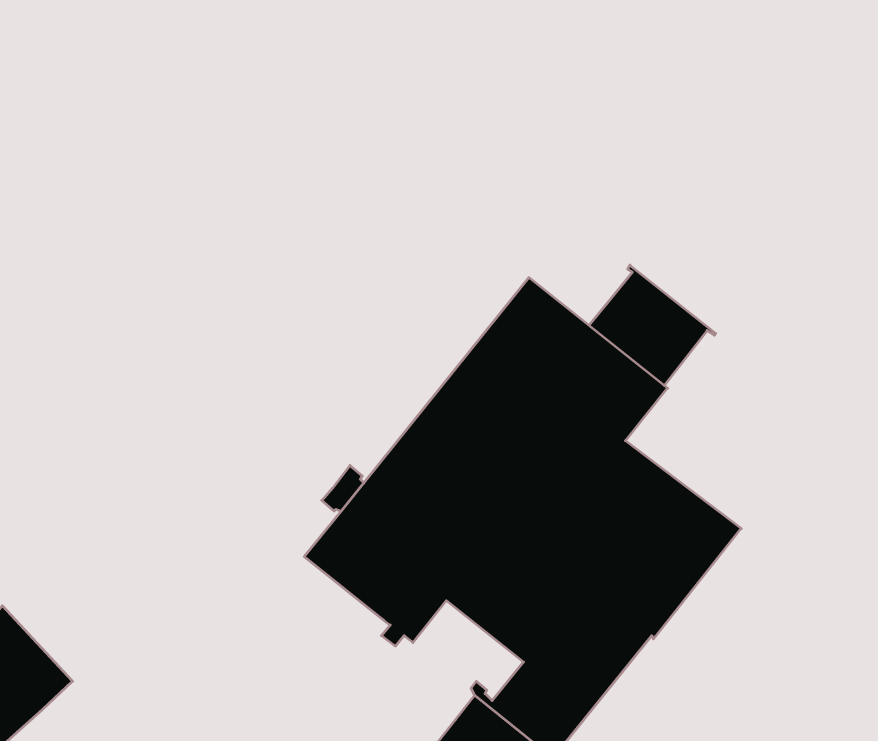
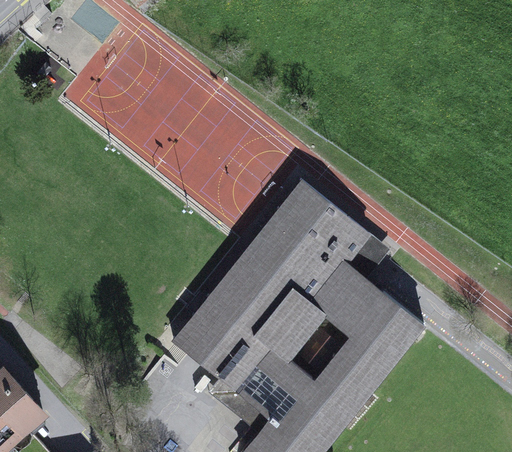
building: [589,265,716,385] -> none
building: none -> [209,366,300,434]

